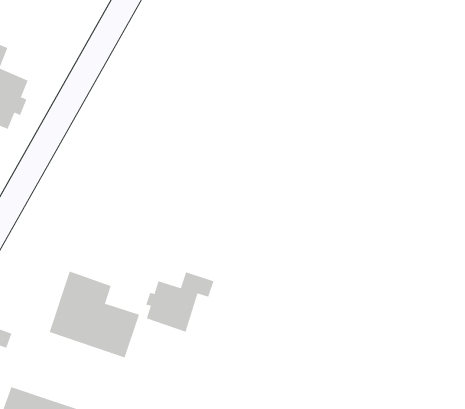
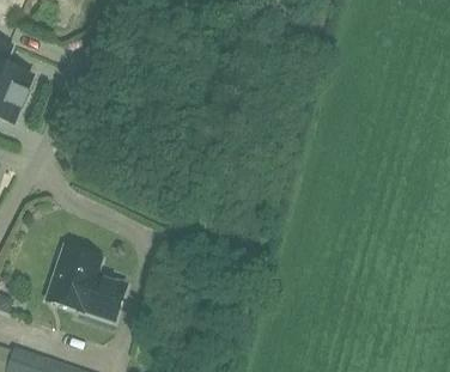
building: [146,272,214,332] -> none

